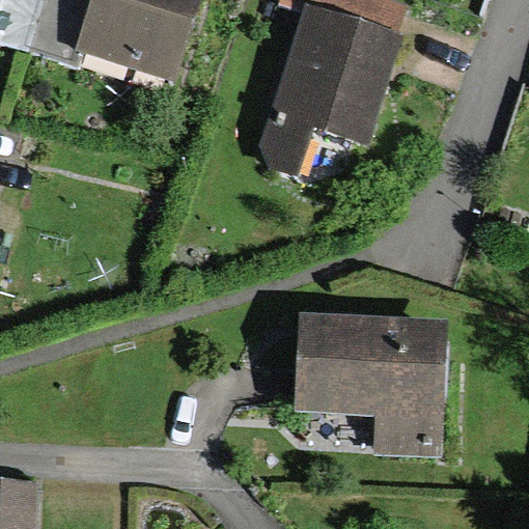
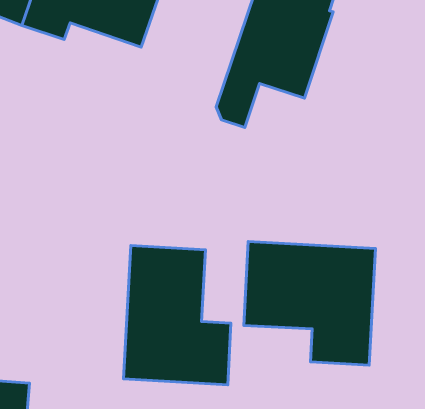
building: none -> [123,246,231,385]

